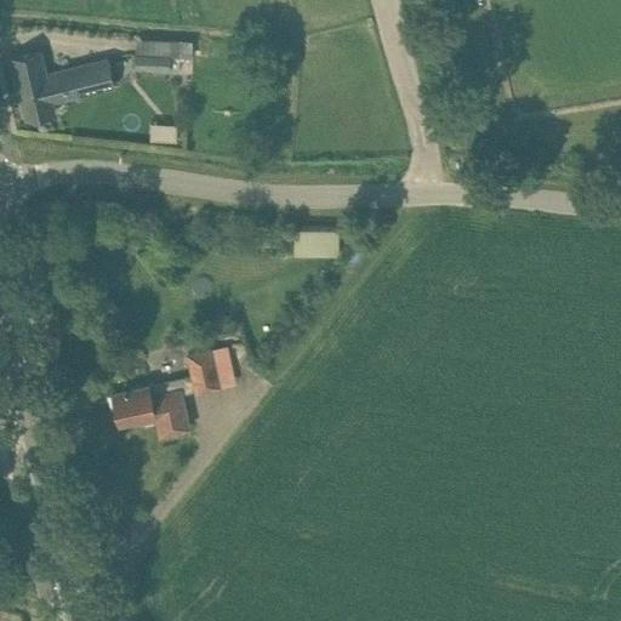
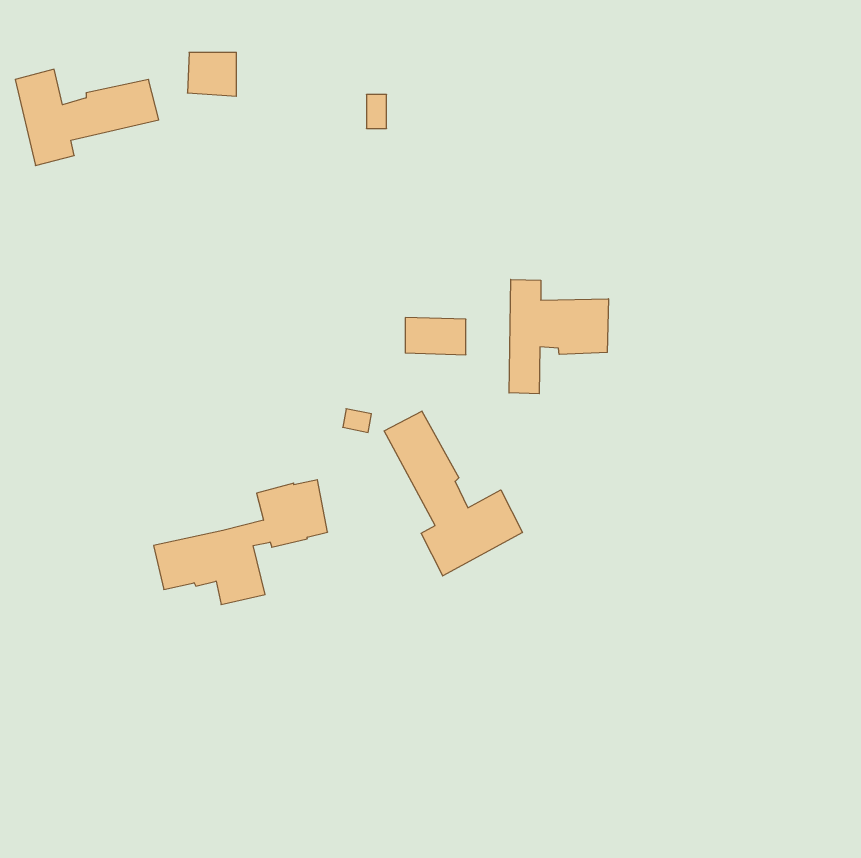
building: none -> [509,279,608,394]
building: none -> [384,411,522,576]

